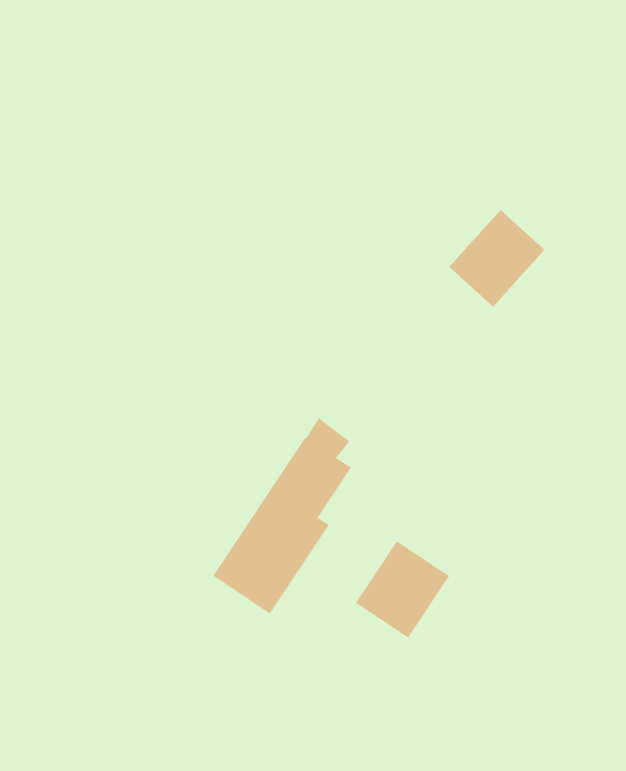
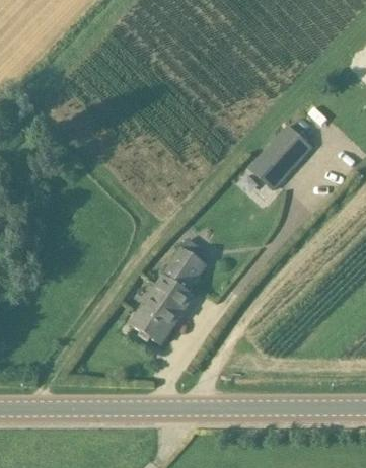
building: [355,540,450,639] -> none

